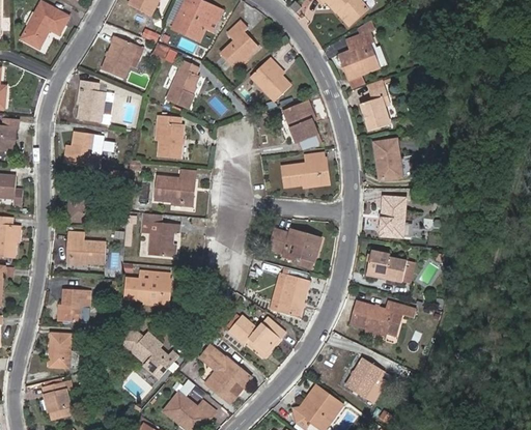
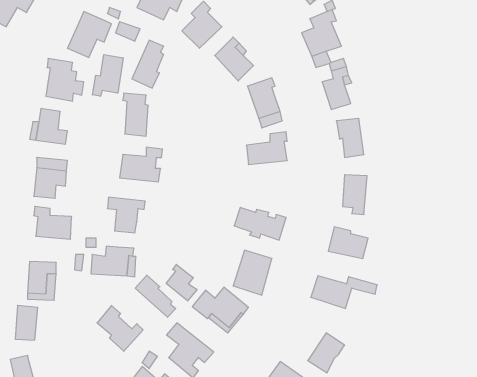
building: none -> [93,55,123,96]
building: none -> [166,264,197,301]
building: none -> [135,275,176,317]

